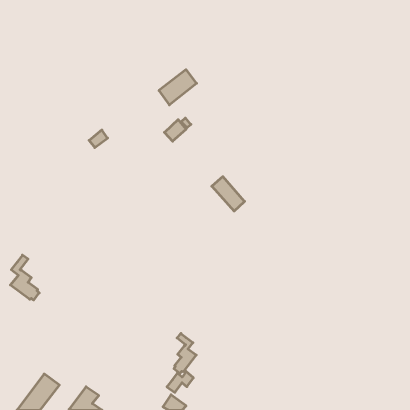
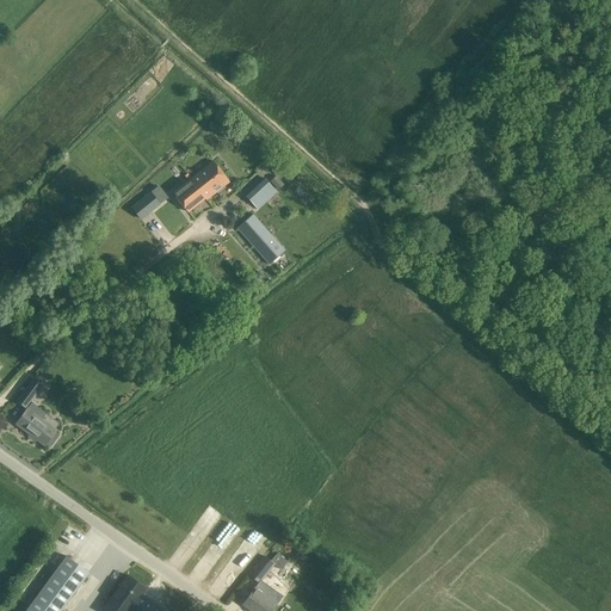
building: [159,70,197,105] -> [172,161,228,214]
building: [212,177,245,211] -> [236,214,285,265]
building: [174,333,196,373] -> none

